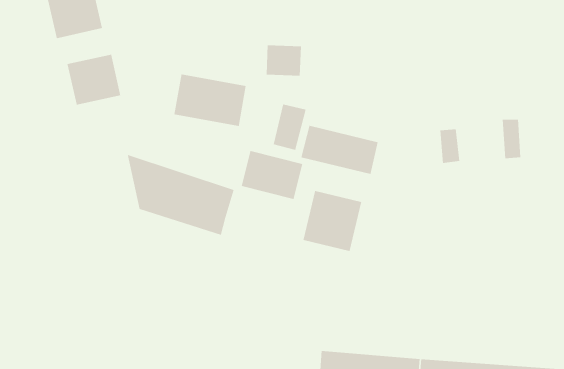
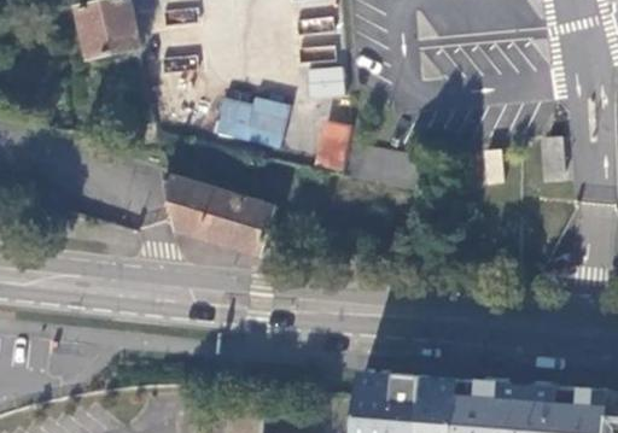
building: [67,54,121,106] -> none
building: [241,150,303,200] -> none
building: [303,190,362,252] -> none

